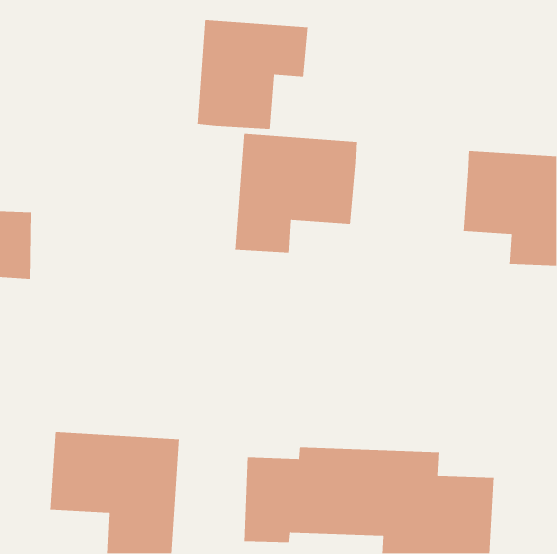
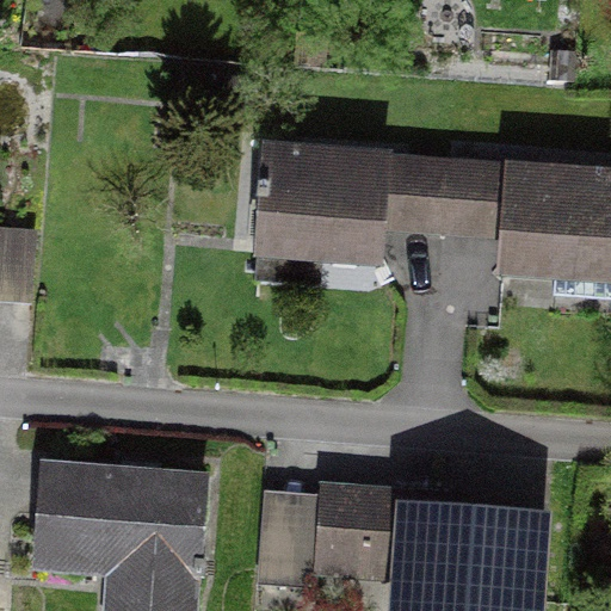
building: [197,19,308,130] -> none
building: none -> [400,156,488,239]

